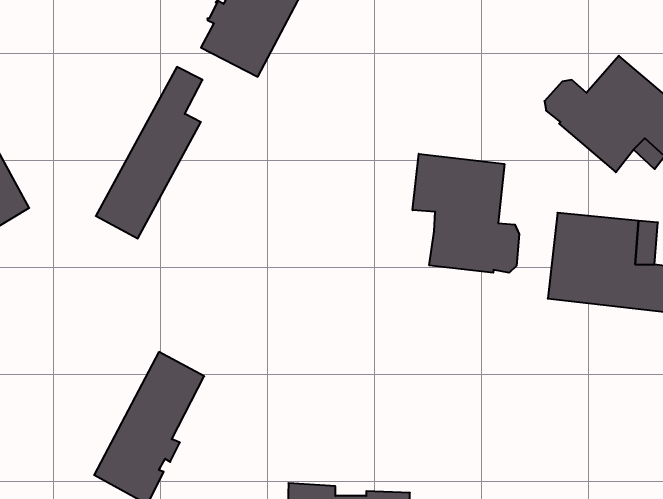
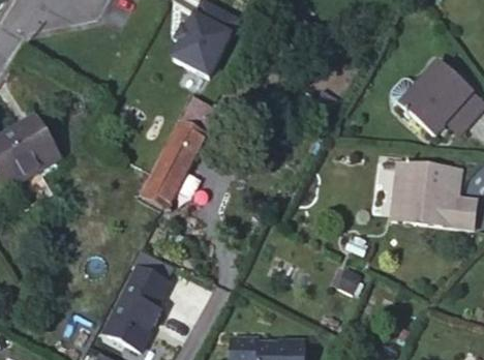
building: [96,67,203,239] -> [142,99,210,209]
building: [413,154,519,273] -> none

